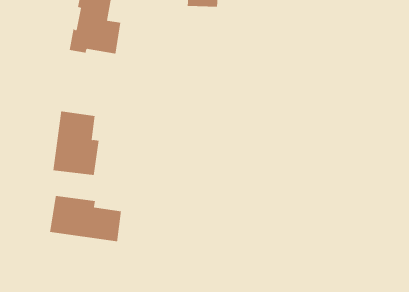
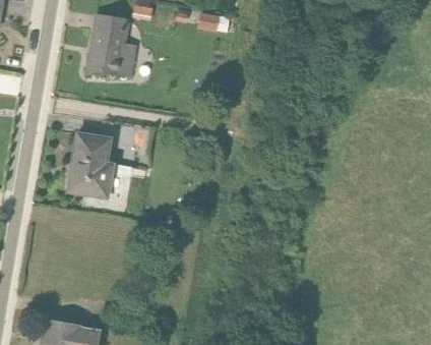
building: [50,195,121,242] -> none

